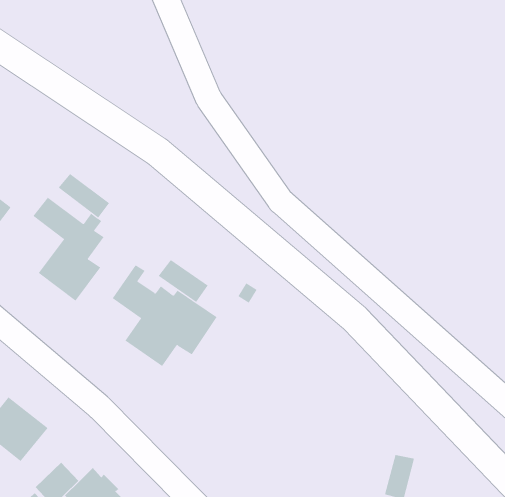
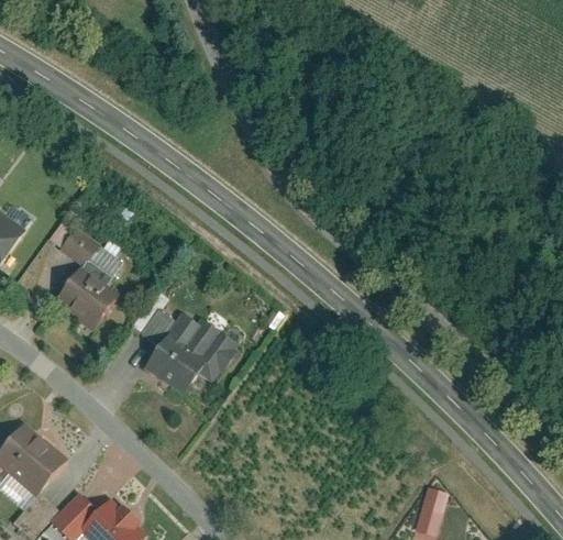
building: [58,173,110,218] -> none
building: [158,259,208,303] -> none

